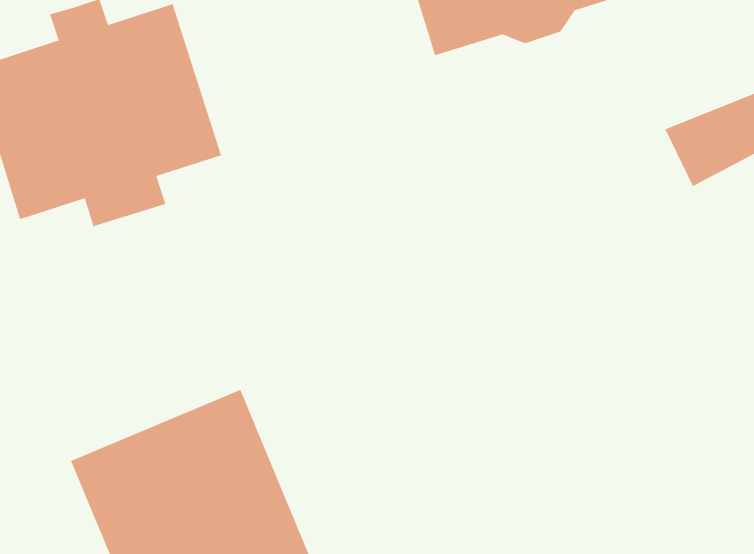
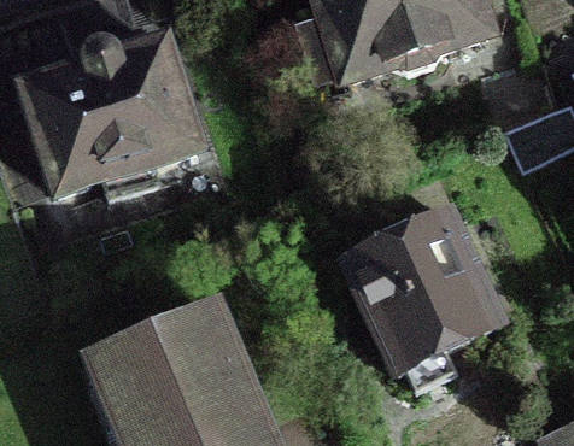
building: none -> [348,221,496,391]

